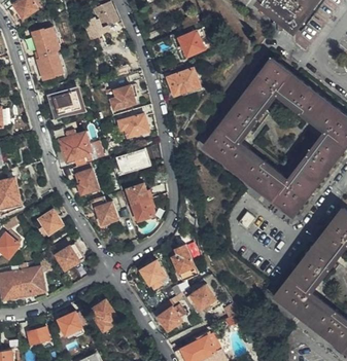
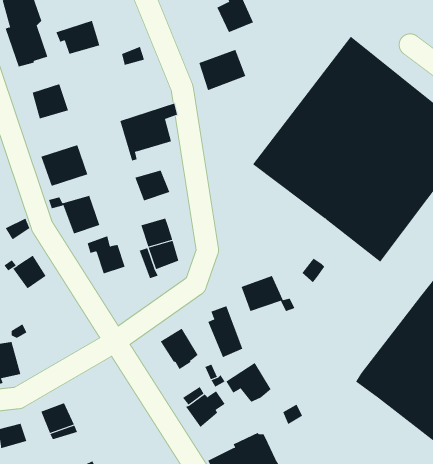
building: [104,86,135,110] -> [55,20,100,54]
building: none -> [241,275,295,312]
building: [56,244,83,269] -> none
building: [92,299,118,330] -> none

